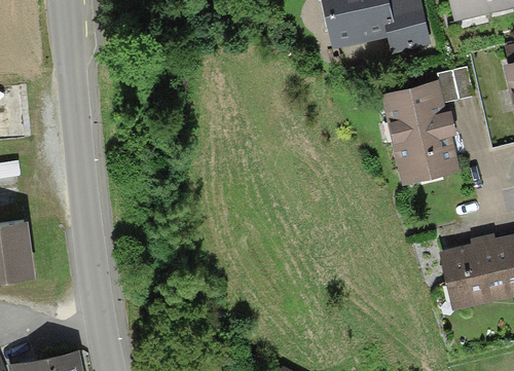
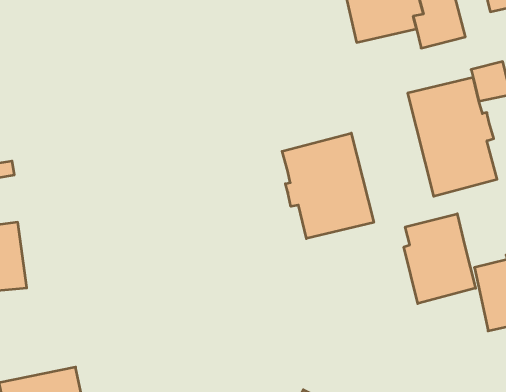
building: none -> [282,133,374,239]
building: none -> [404,214,476,304]

